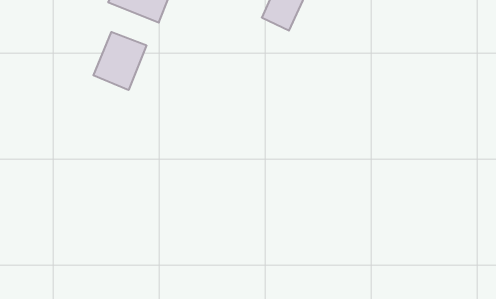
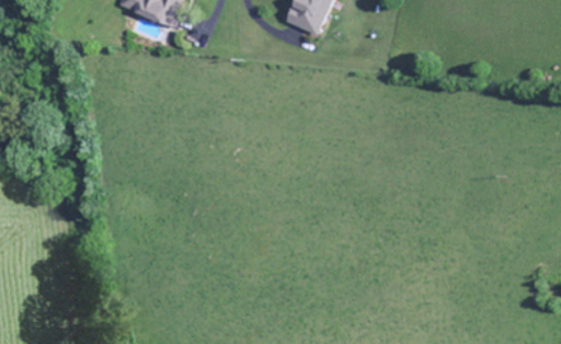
building: [93,32,146,90] -> none

